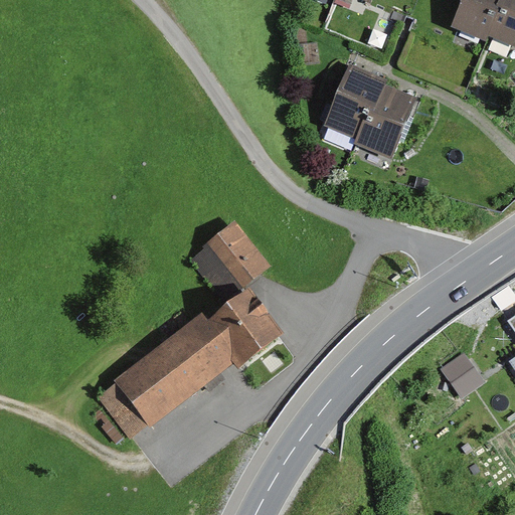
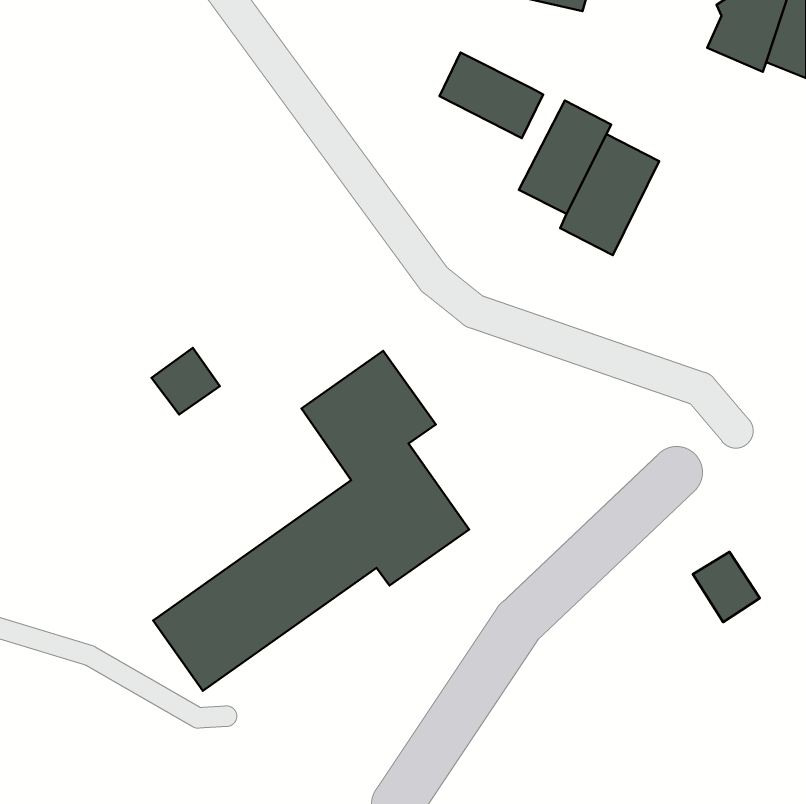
building: none -> [439,53,543,138]
building: none -> [152,348,220,415]

